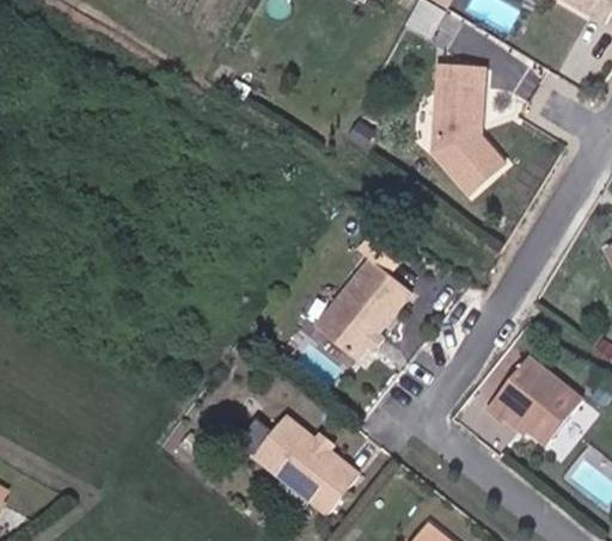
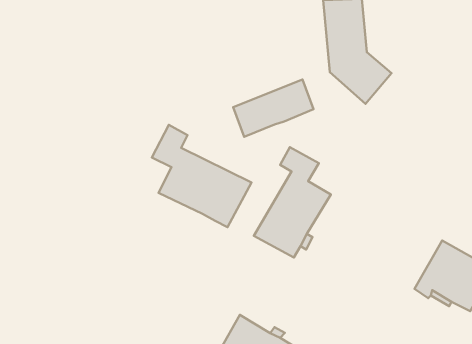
building: none -> [233,80,314,137]
building: none -> [152,125,251,227]

